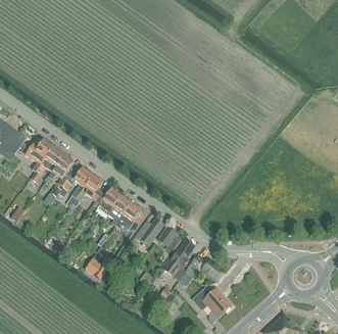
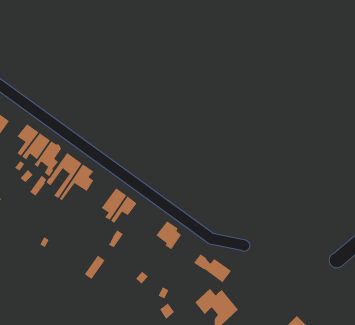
building: [95,188,122,219] -> none
building: [135,218,164,245] -> none
building: [163,239,196,280] -> none

